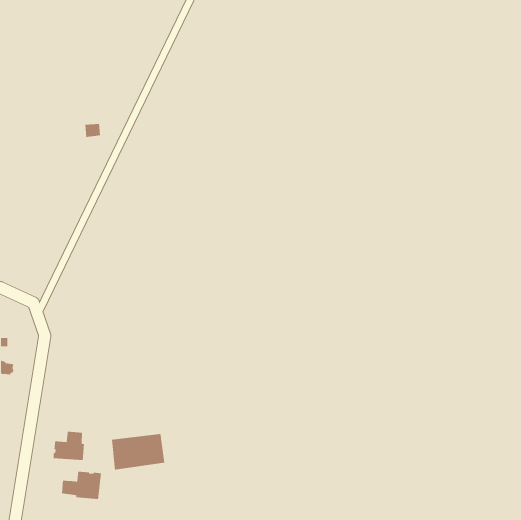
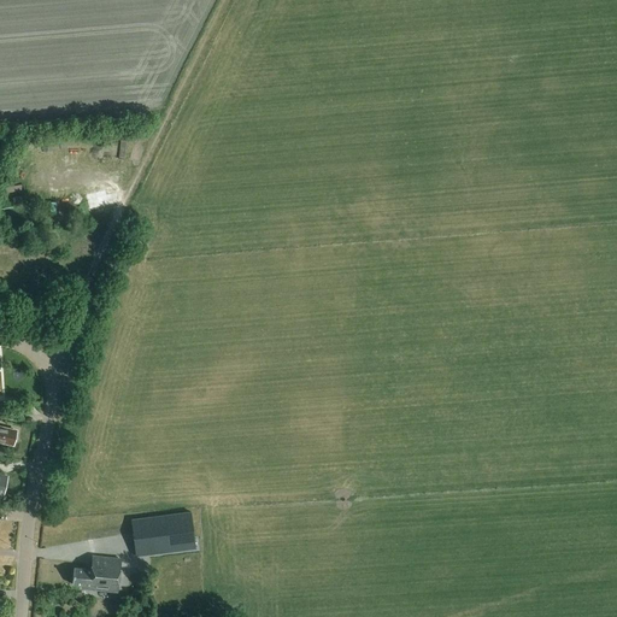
building: [53,431,85,461] -> none

